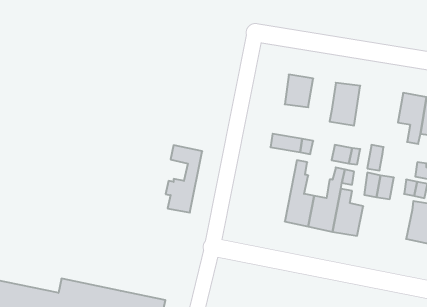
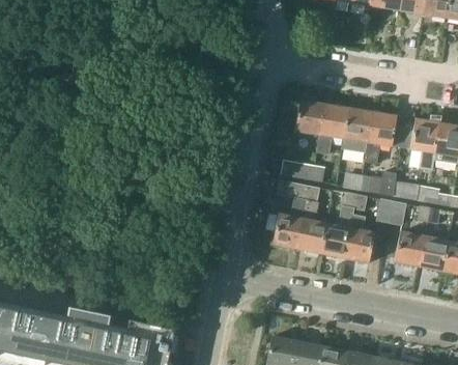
building: none -> [316,103,347,151]
building: none -> [364,110,398,163]
building: [166,145,202,213] -> [270,179,308,248]
building: none -> [392,179,430,202]
building: none -> [394,231,425,265]

